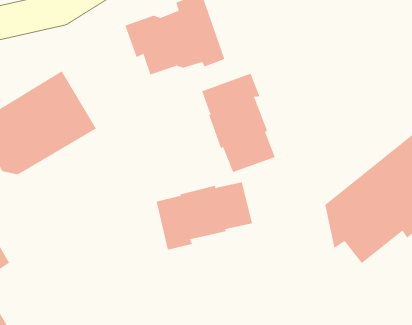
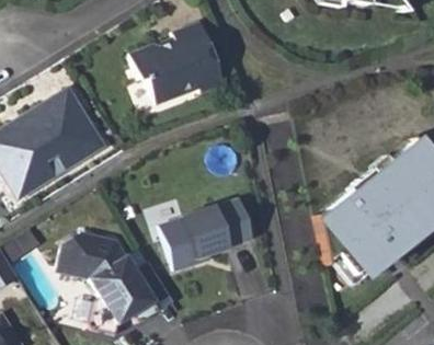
building: [201,73,276,173] -> none
building: none -> [56,227,158,329]

